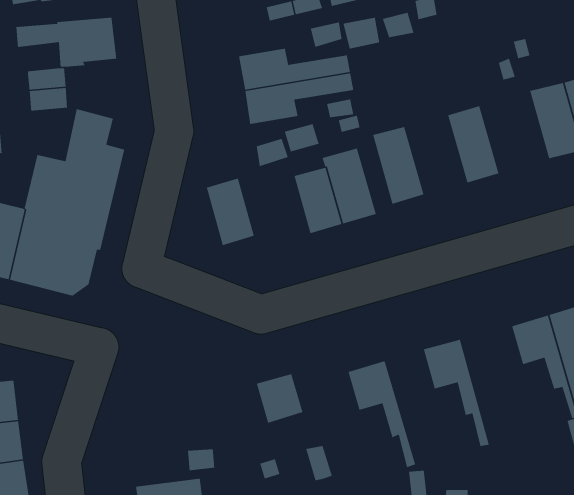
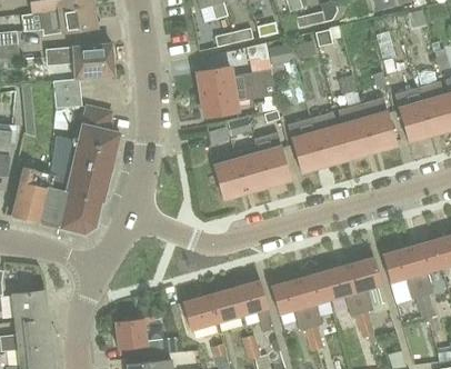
building: none -> [361,97,397,150]
building: none -> [310,111,345,164]
building: [206,177,255,246] -> [212,151,245,198]
building: none -> [348,255,381,335]
building: none -> [297,269,330,348]
building: none -> [233,278,274,331]
building: none -> [182,292,217,328]
building: none -> [116,309,156,348]

